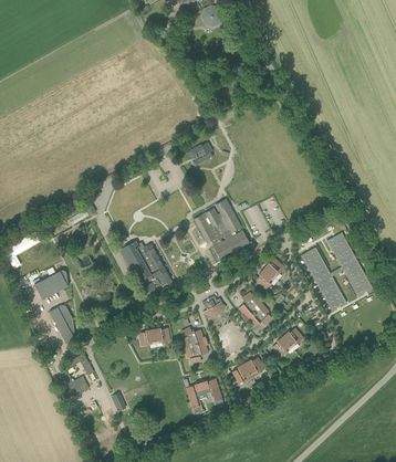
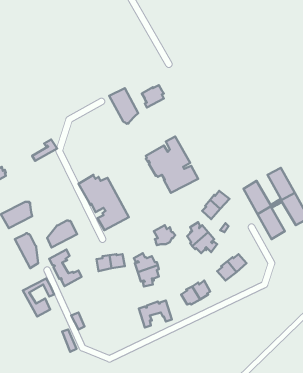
building: none -> [109,88,138,124]
building: none -> [47,220,77,247]
building: none -> [49,250,82,286]

